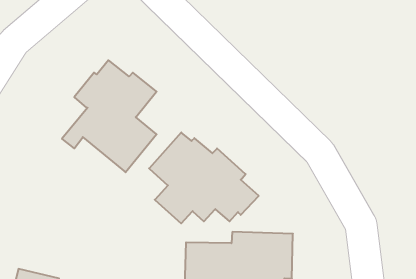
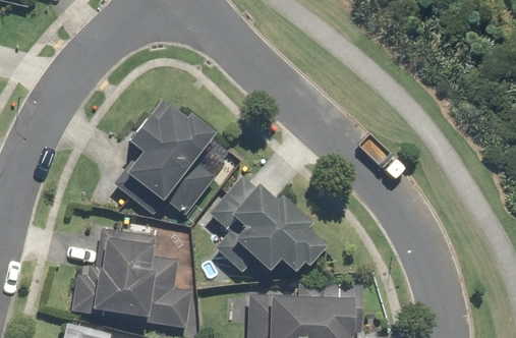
building: none -> [71,227,193,329]

